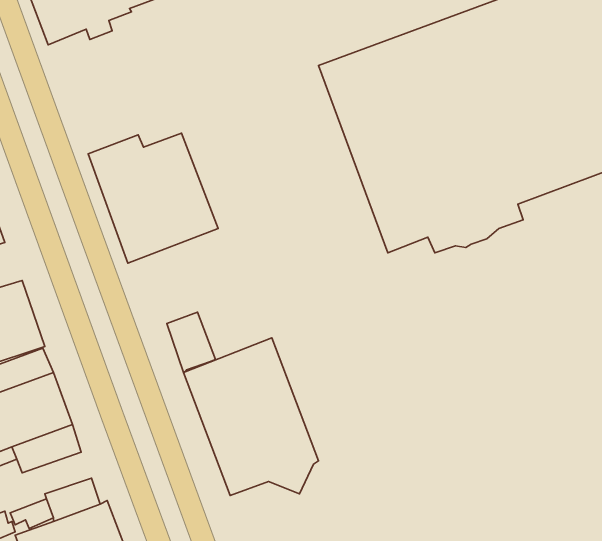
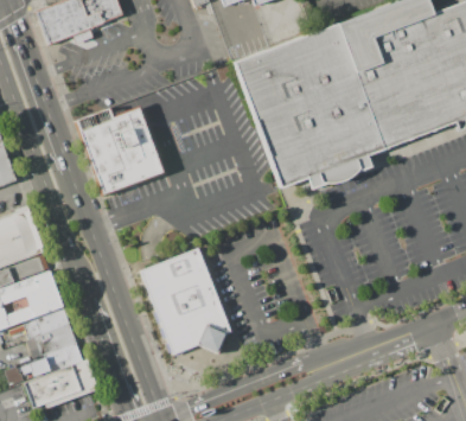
building: [167,312,216,372] -> none
building: none -> [26,325,77,358]

